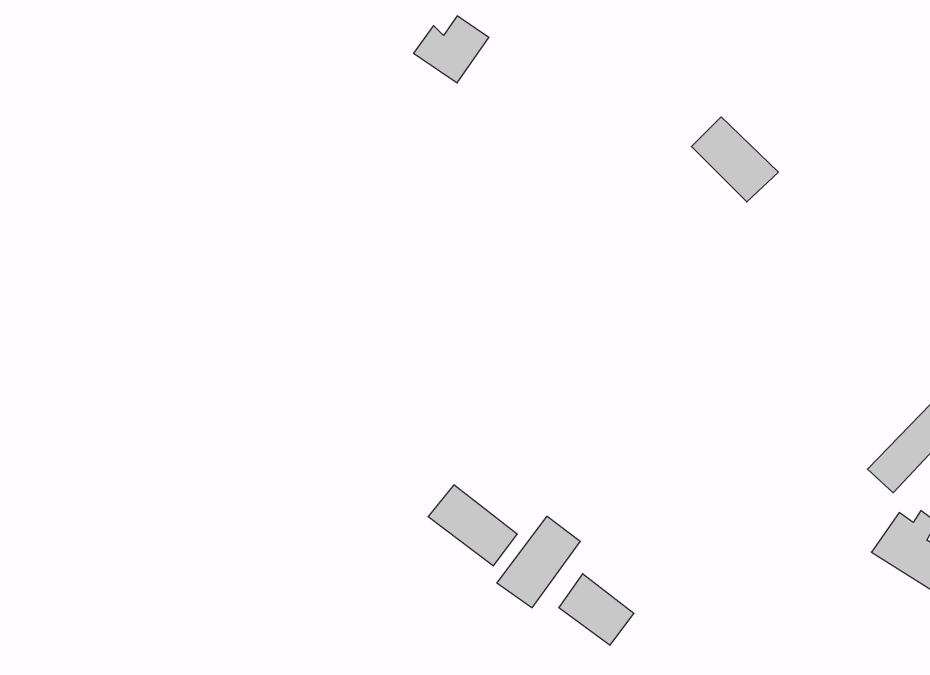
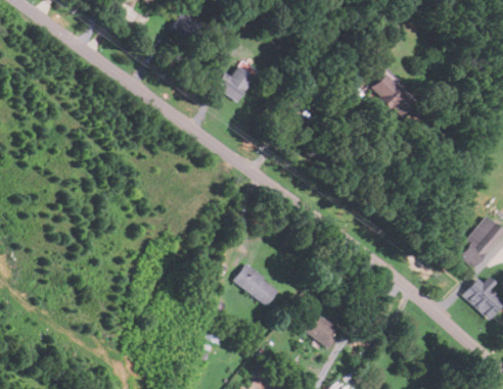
building: [414,16,489,83] -> [217,66,256,101]
building: [497,516,580,608] -> none

